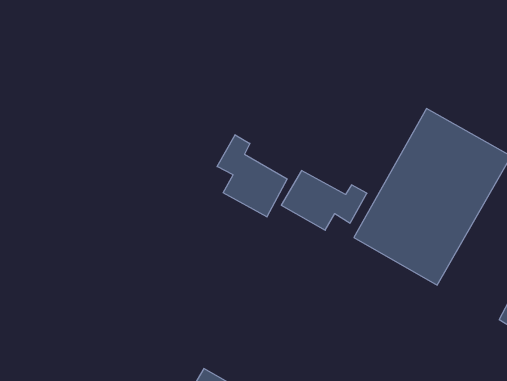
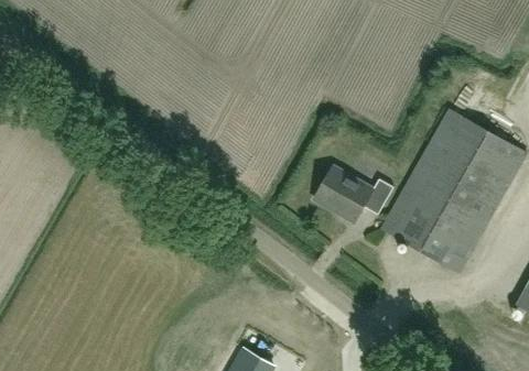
building: [217,135,287,217] -> none

